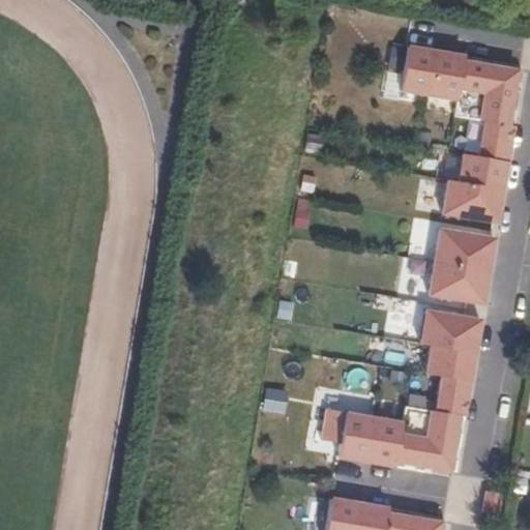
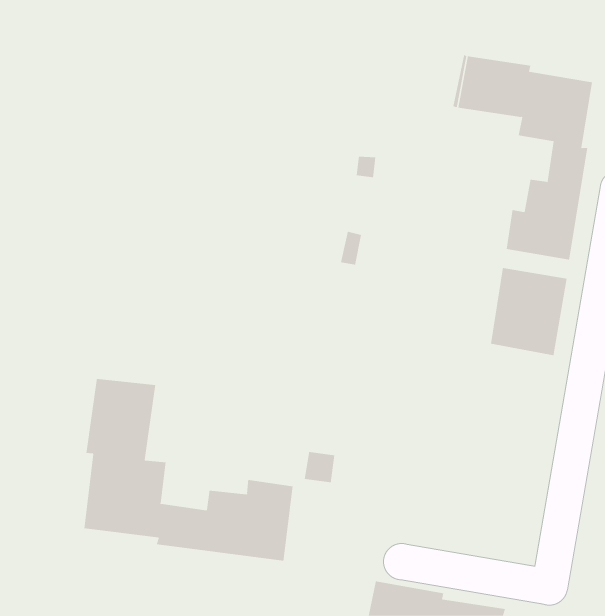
building: [337,310,482,470] -> none
building: none -> [84,378,293,561]

